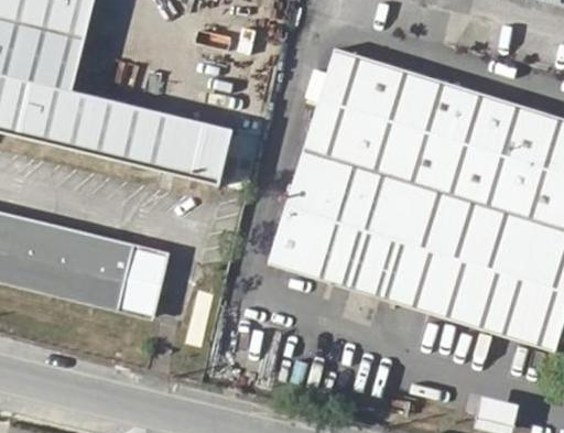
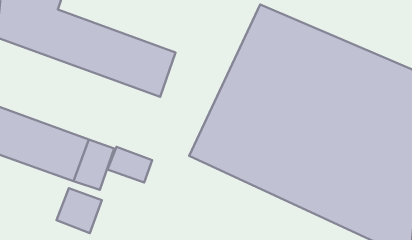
building: none -> [108,147,152,183]
building: none -> [56,188,102,233]

